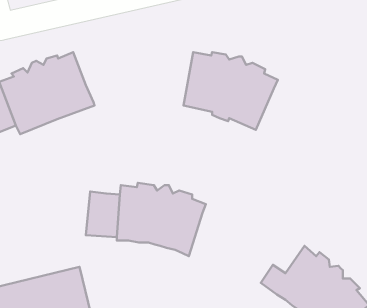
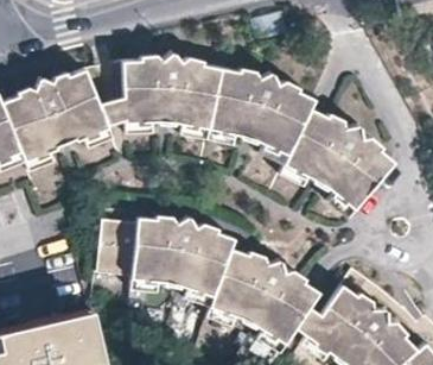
building: none -> [100,52,219,128]
building: none -> [286,109,393,209]
building: none -> [211,248,318,344]

